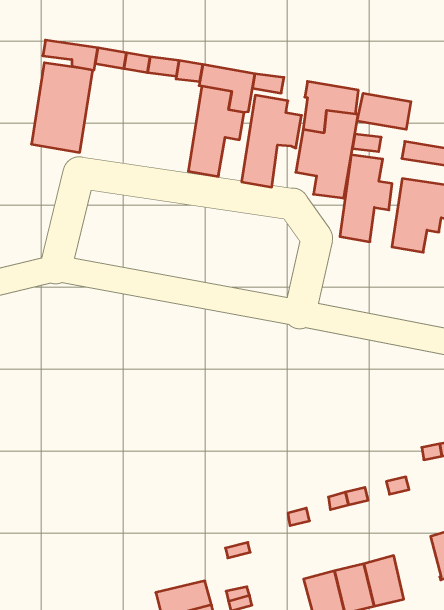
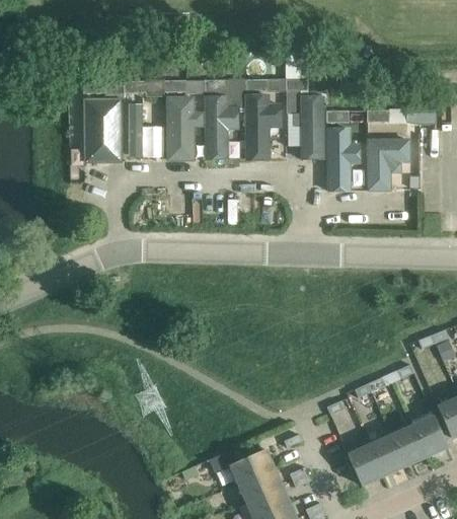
building: none -> [166,96,203,162]
building: none -> [127,104,161,158]
building: [357,93,411,129] -> none
building: none -> [205,448,272,484]
building: none -> [410,416,447,456]

